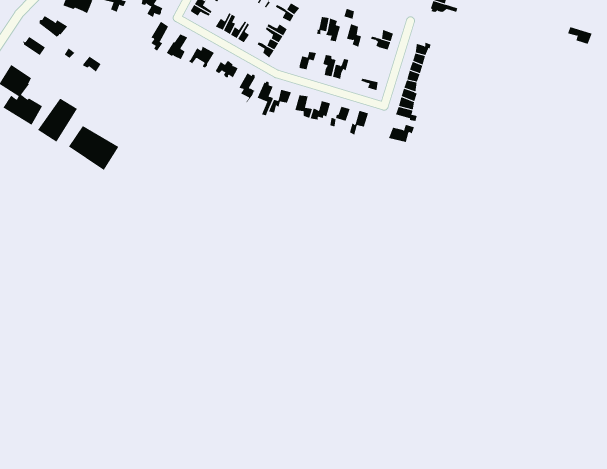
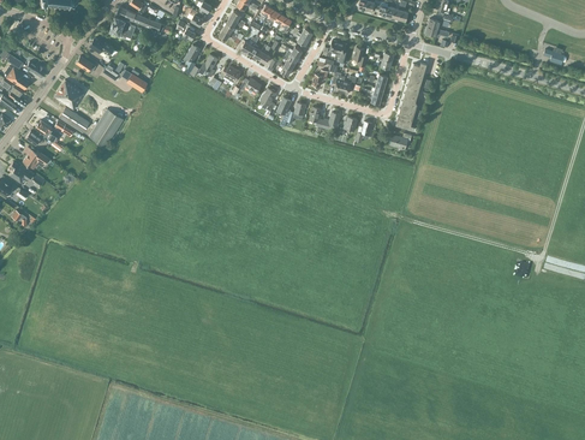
building: [68,125,119,171] -> none

